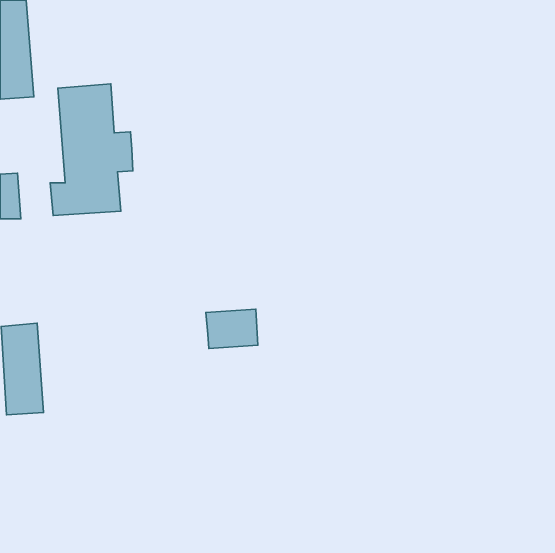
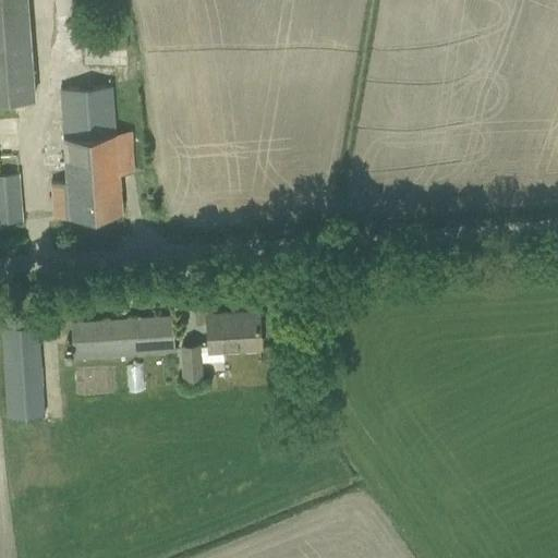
building: none -> [71,318,174,361]
building: none -> [181,348,203,379]

